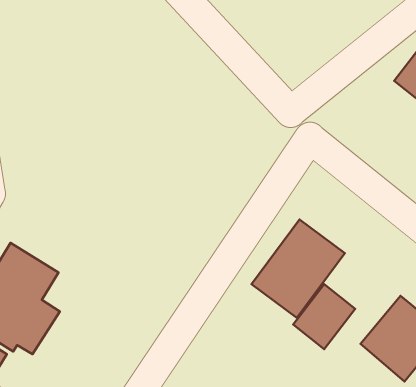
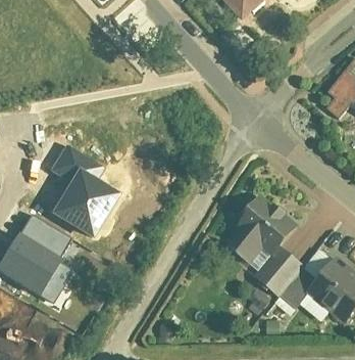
building: none -> [42,143,122,242]
building: none -> [280,250,336,310]

